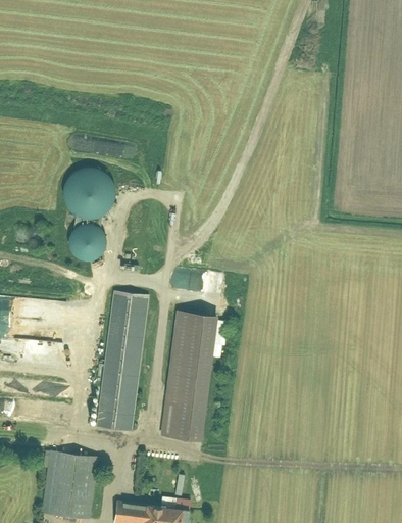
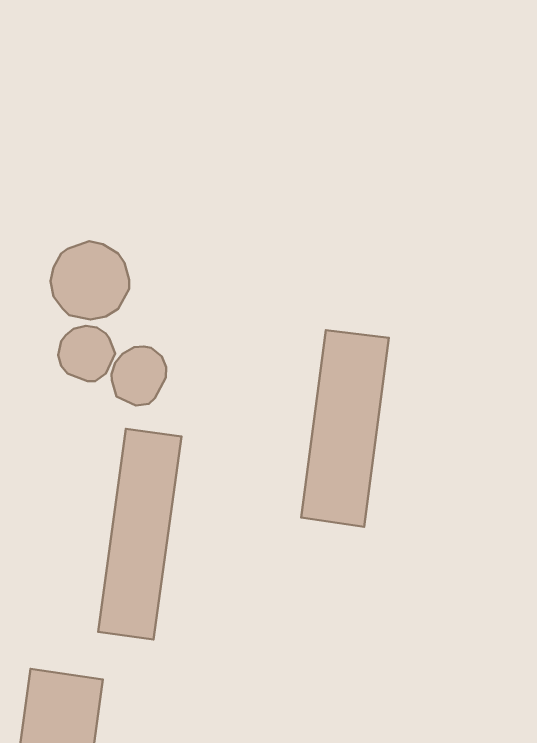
building: none -> [112,346,166,406]
building: [160,311,218,441] -> [301,330,389,527]

